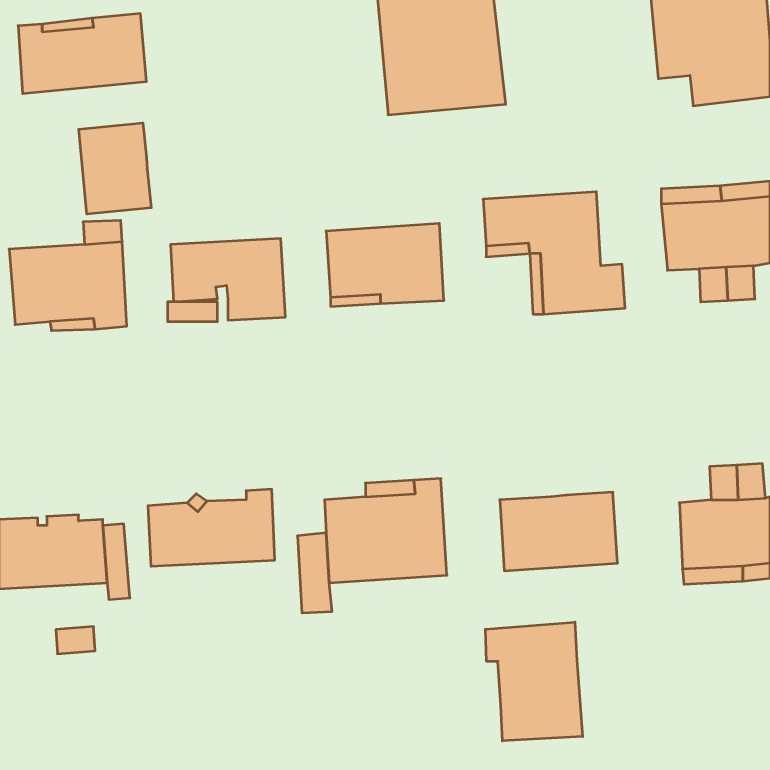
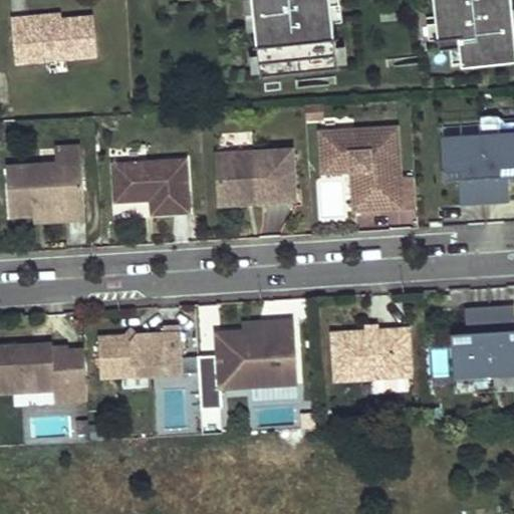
building: [79,123,151,214] -> none
building: [485,622,583,741] -> none

